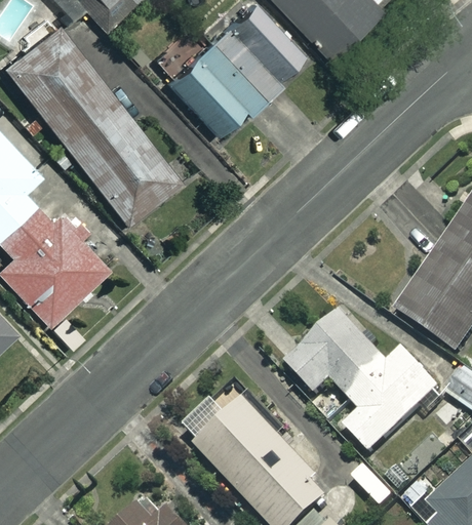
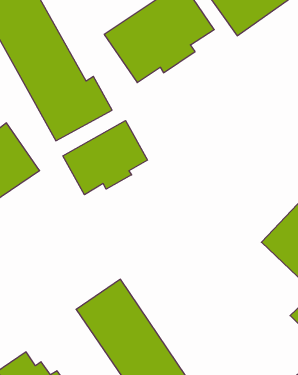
building: none -> [63,121,147,195]
building: [285,309,445,450] -> none

